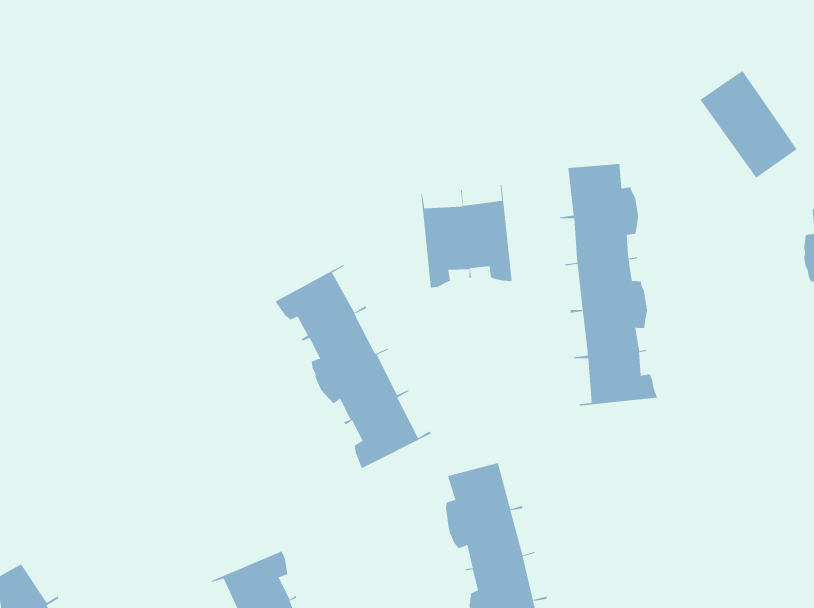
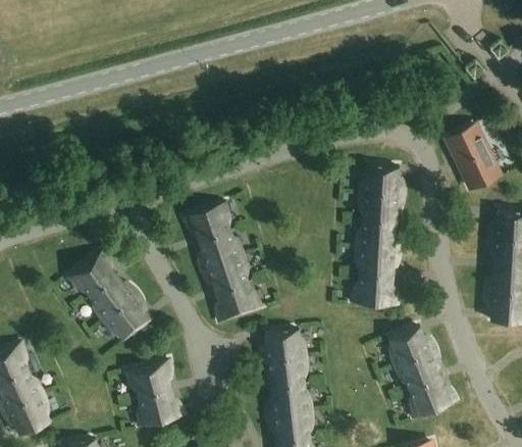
building: [421,184,512,289] -> none
building: none -> [66,251,148,340]
building: none -> [382,326,449,416]

